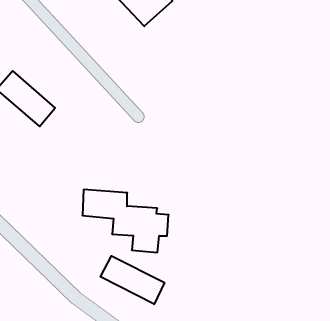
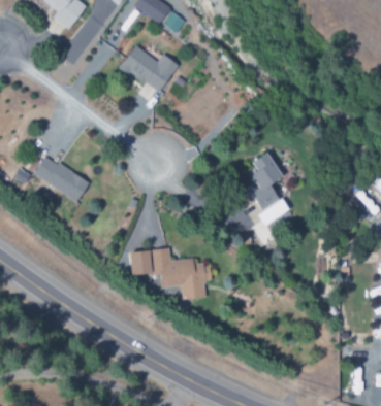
building: none -> [247,153,288,226]
building: [100,256,164,304] -> none

